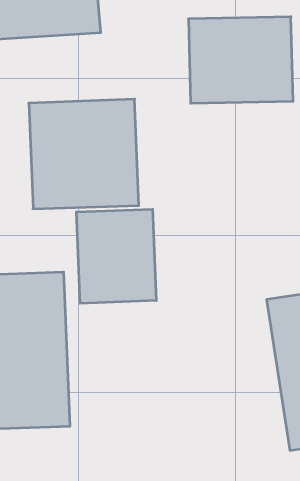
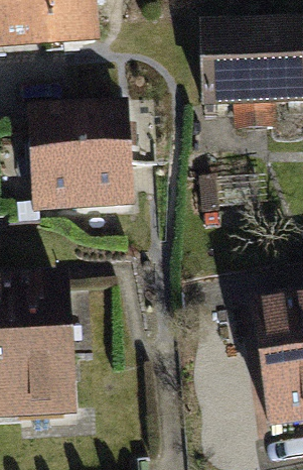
building: [76,209,156,303] -> none

